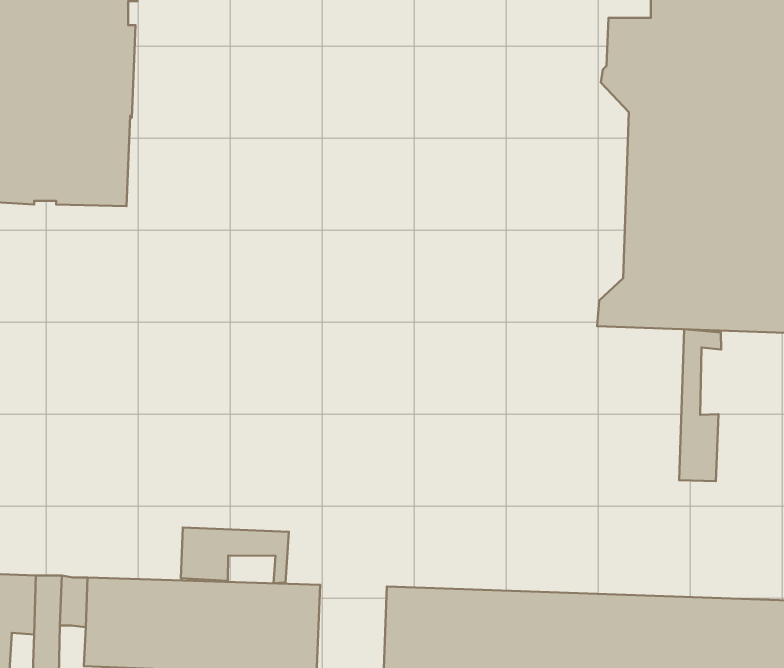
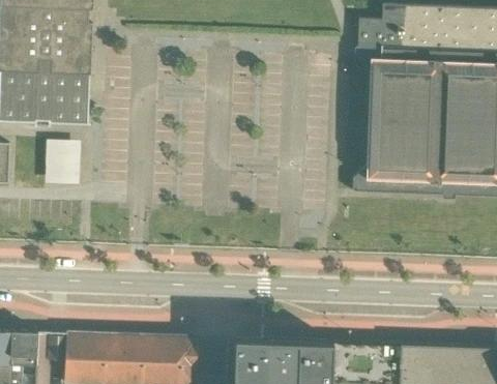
building: none -> [43,139,80,184]
building: [679,329,721,481] -> none
building: [181,527,289,583] -> none

